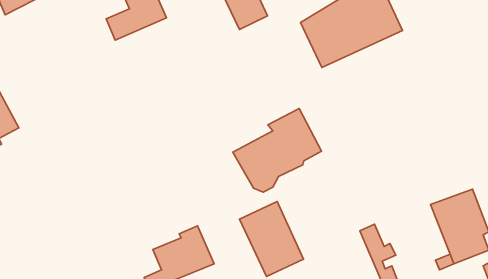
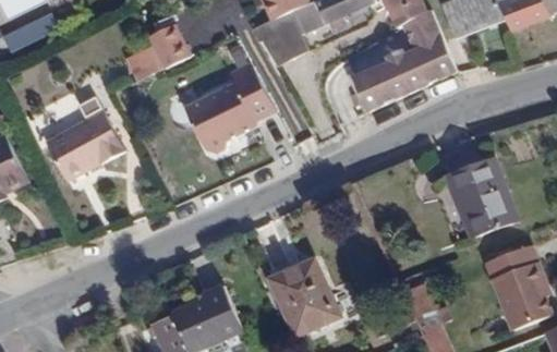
building: none -> [44,105,122,178]
building: [233,108,321,192] -> [174,64,274,158]
building: none -> [451,160,518,236]

